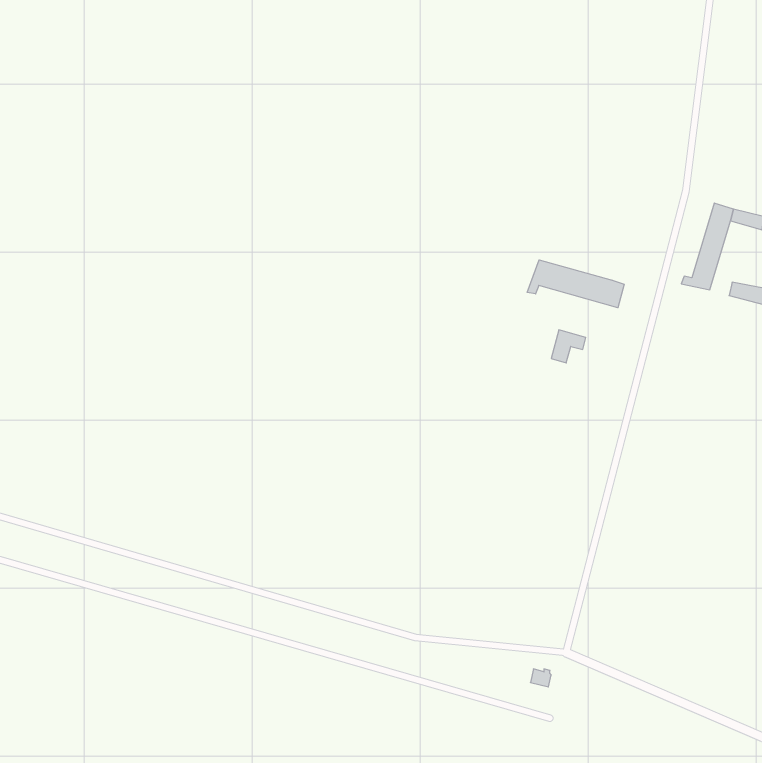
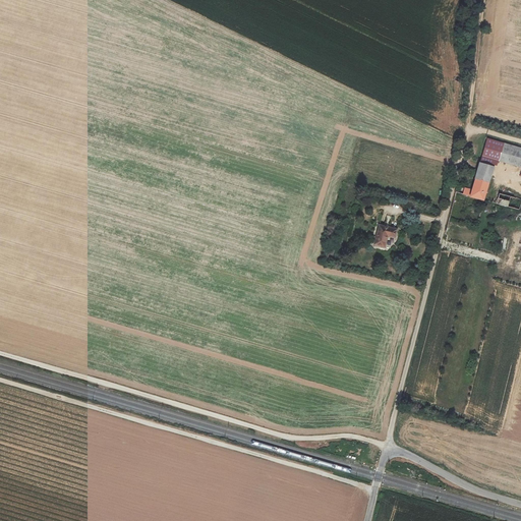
building: [527,260,624,308] -> none

